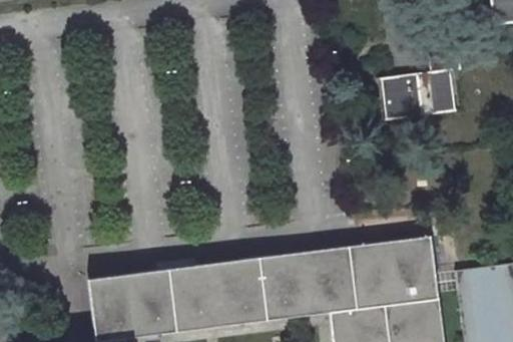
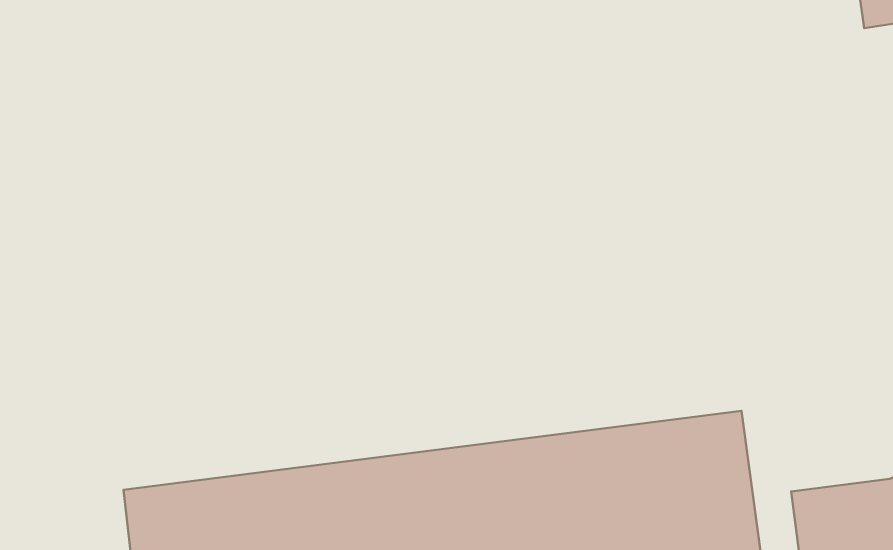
building: [380,52,460,120] -> none

